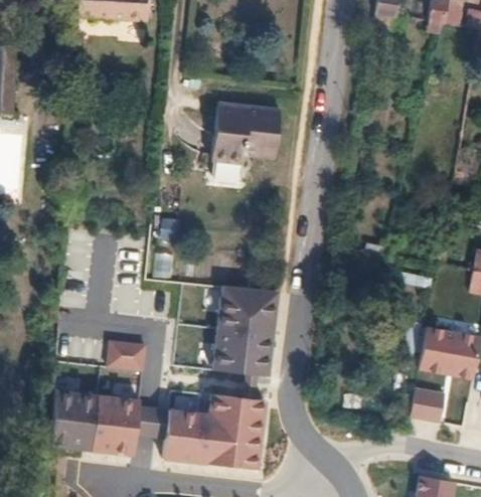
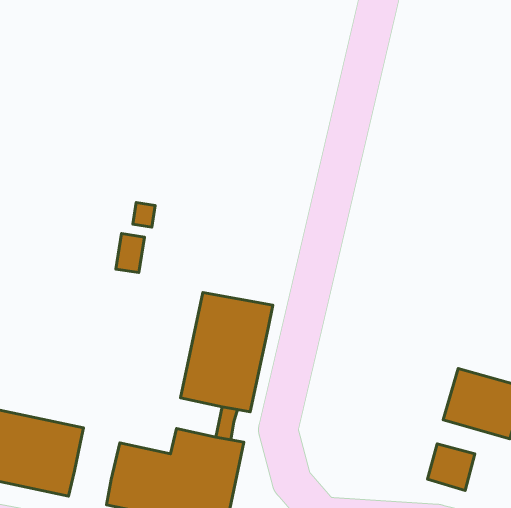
building: [212,105,280,183] -> none
building: [107,341,145,370] -> none
building: [135,406,168,439] -> none

